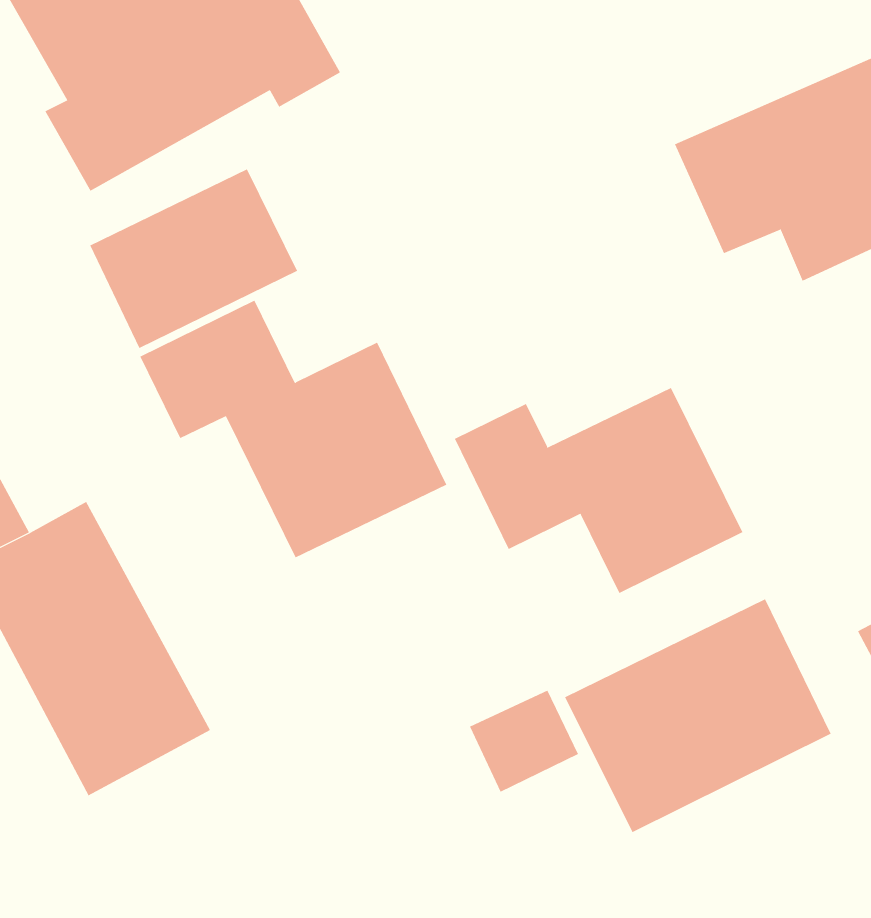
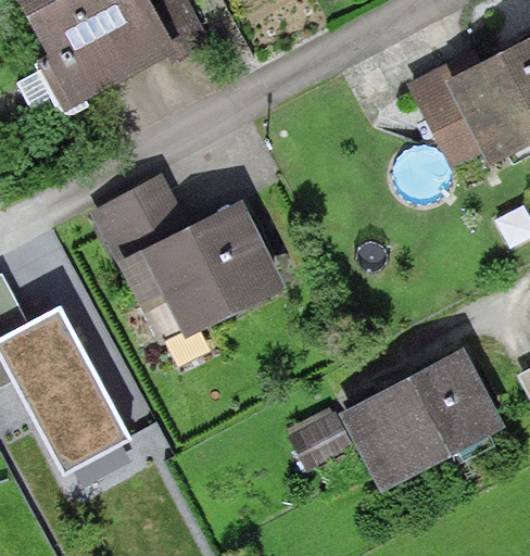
building: [89,169,298,349] -> none
building: [454,387,743,594] -> none

